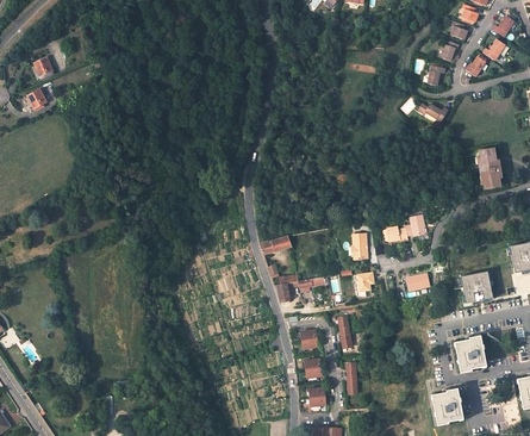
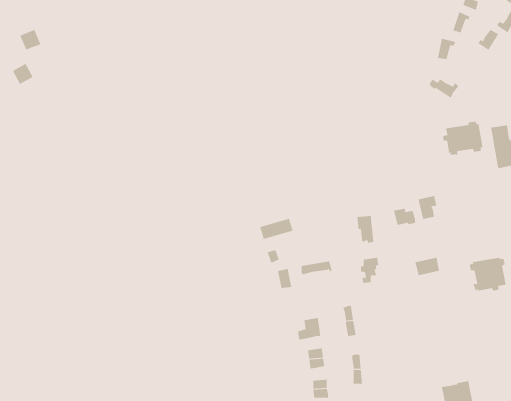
building: none -> [443,121,483,156]
building: [455,336,486,374] -> none

